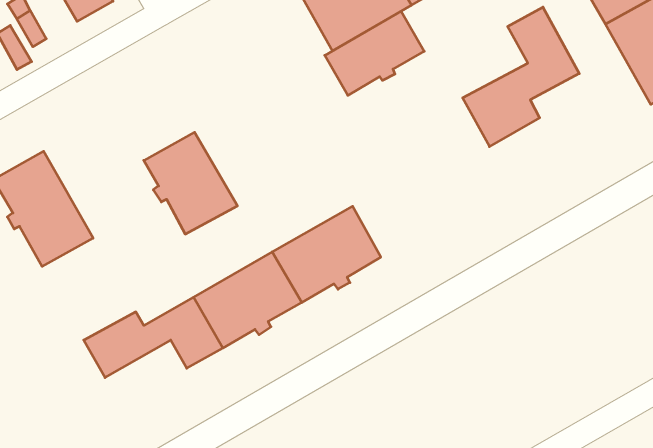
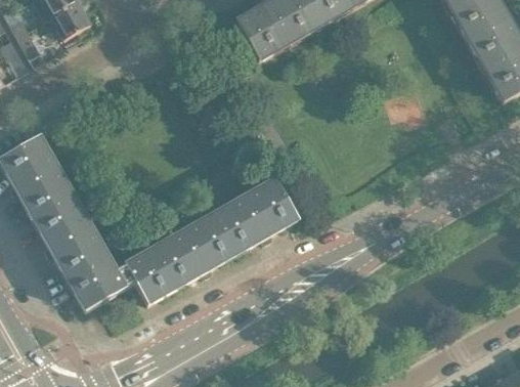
building: [463,7,579,147] -> none
building: [325,11,424,95] -> none
building: [144,132,237,234] -> [37,204,109,282]

